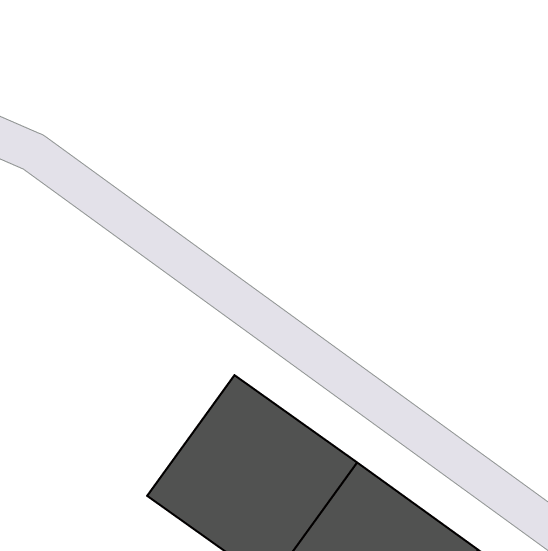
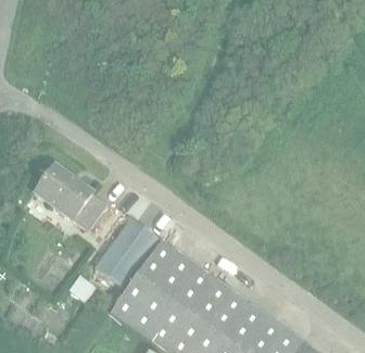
building: none -> [35,163,109,230]
building: none -> [96,219,161,289]

